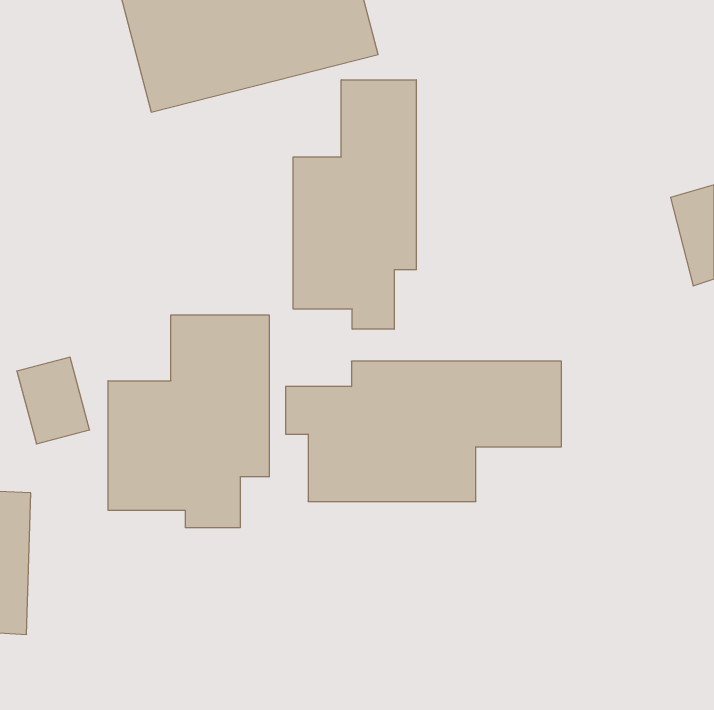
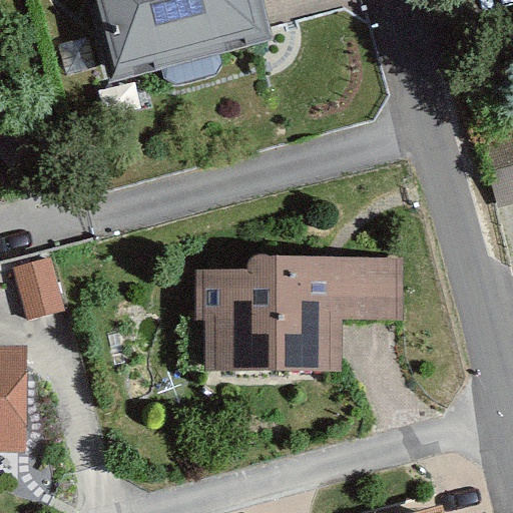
building: [293,80,416,329] -> none
building: [108,315,269,528] -> none

